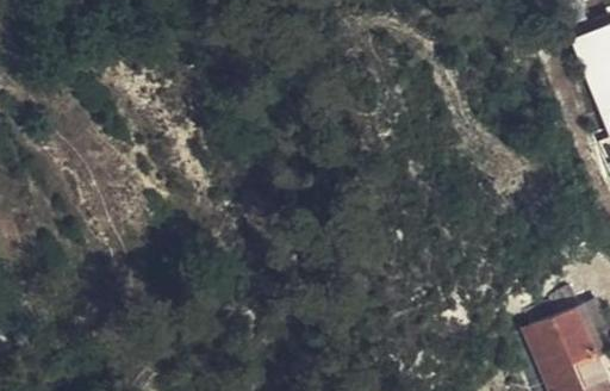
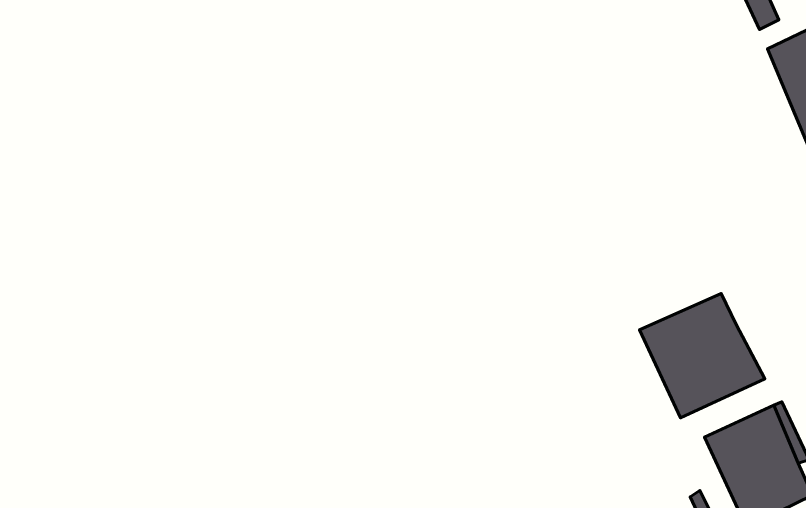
building: none -> [640,293,765,418]

